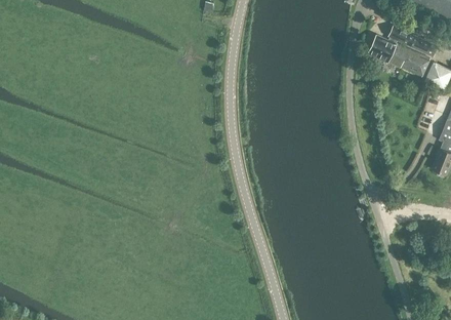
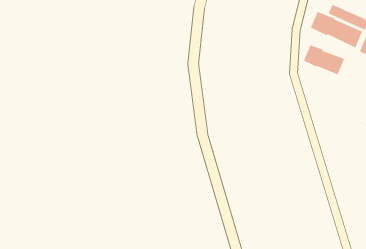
building: none -> [303,45,345,75]

